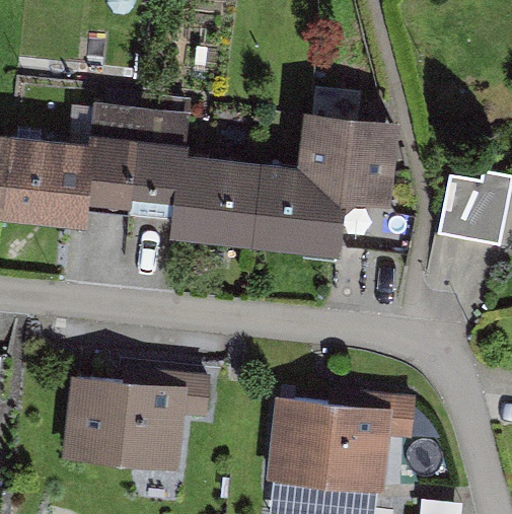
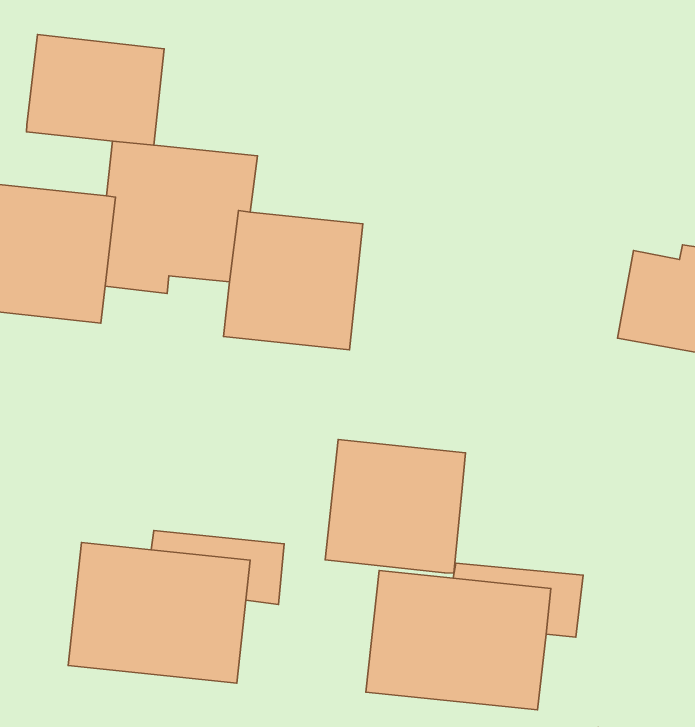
building: none -> [27,34,164,145]
building: [253,108,399,258] -> none
building: none -> [325,440,465,573]

